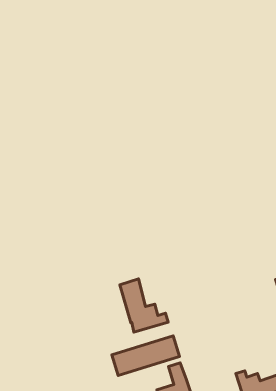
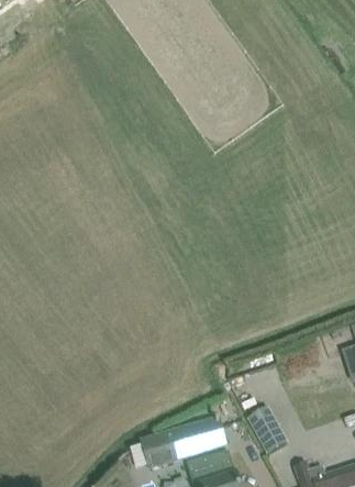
building: [120,279,168,332] -> none
building: none -> [247,407,288,454]

